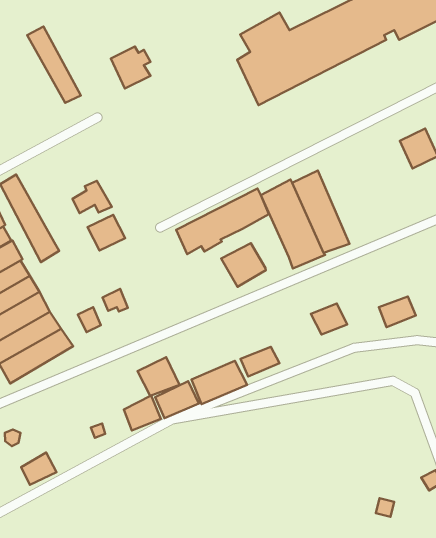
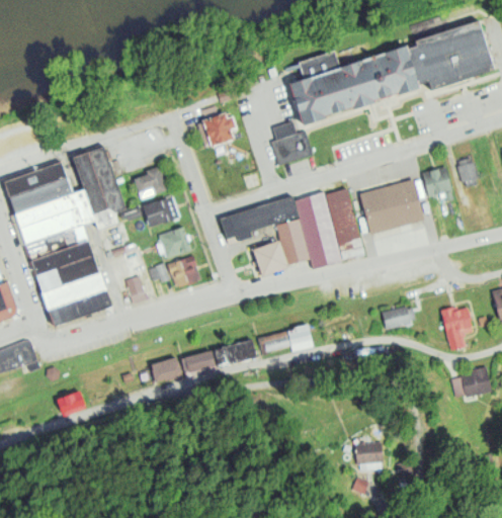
building: [27,27,81,103] -> [89,146,127,213]
building: [111,46,150,88] -> [203,112,237,147]
building: none -> [267,121,312,165]
building: none -> [359,179,421,234]
building: none -> [274,219,310,264]
building: none -> [157,227,189,258]
building: none -> [166,256,199,288]
building: [311,304,347,335] -> [283,325,313,349]
building: [138,357,179,396] -> none
building: none -> [356,440,384,463]

